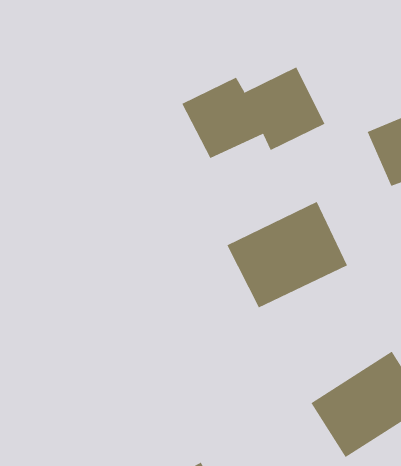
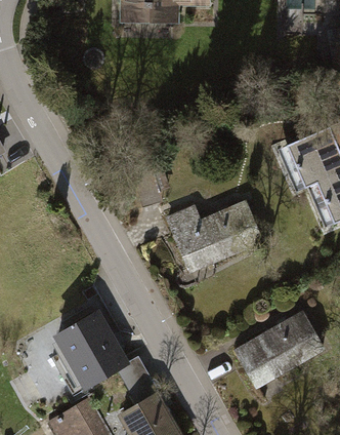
building: [182,67,325,159] -> none
building: none -> [53,309,130,390]

